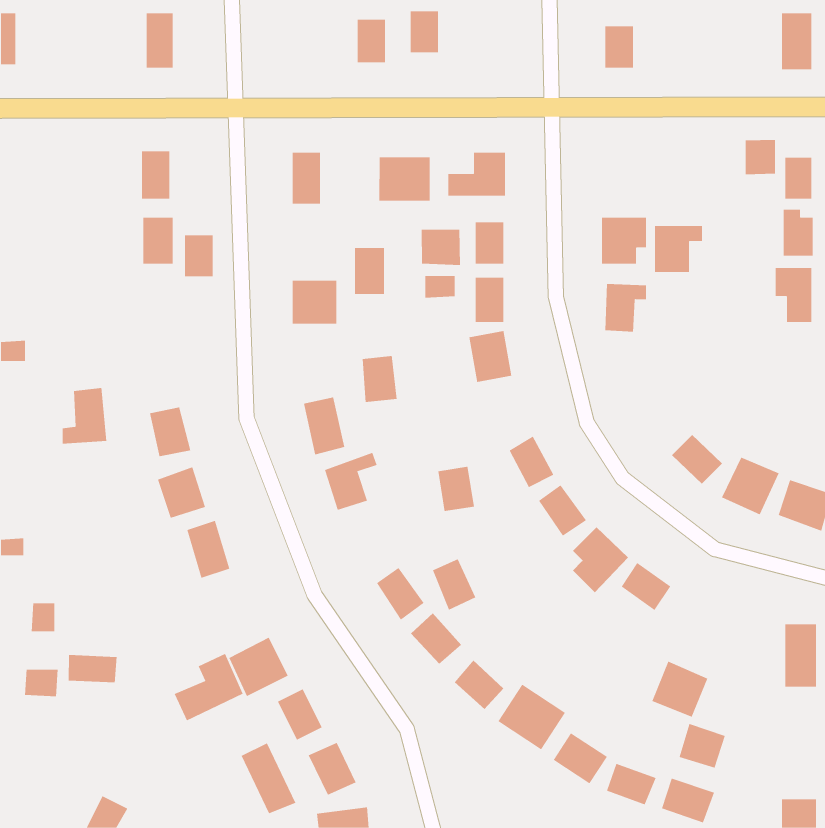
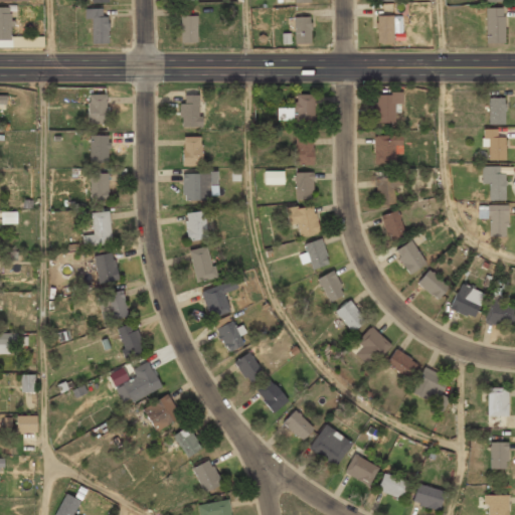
building: [410,11,439,53] -> [295,17,313,43]
building: [357,19,386,63] -> [180,16,198,43]
building: [745,139,775,175] -> none
building: [379,156,430,202] -> none
building: [654,225,703,272] -> [374,94,404,123]
building: [421,229,460,266] -> none
building: [184,235,213,277] -> [92,174,110,200]
building: [354,247,385,294] -> [183,137,202,166]
building: none -> [489,206,509,237]
building: none -> [380,211,407,242]
building: [362,355,397,402] -> [186,211,208,240]
building: [62,388,107,444] -> [85,211,114,246]
building: none -> [395,241,426,275]
building: [437,466,475,512] -> [305,240,328,269]
building: [432,559,476,611] -> [217,321,244,353]
building: [174,653,243,721] -> [118,362,161,404]
building: [68,654,117,683] -> none
building: [652,661,708,717] -> [414,367,450,402]
building: none -> [490,441,508,470]
building: [679,723,726,768] -> none
building: [241,742,296,814] -> none

